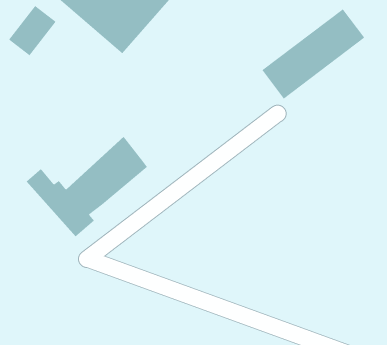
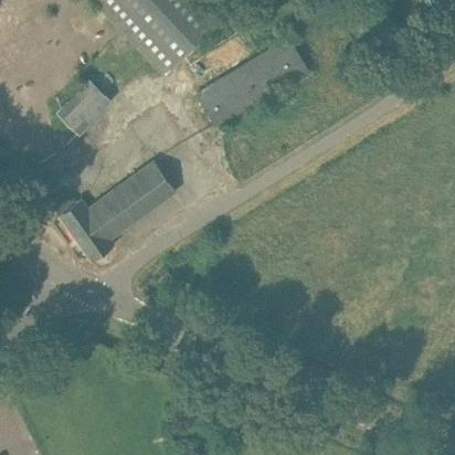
building: [8,5,57,56] -> [59,81,112,134]
building: [262,8,365,99] -> [197,36,309,126]

